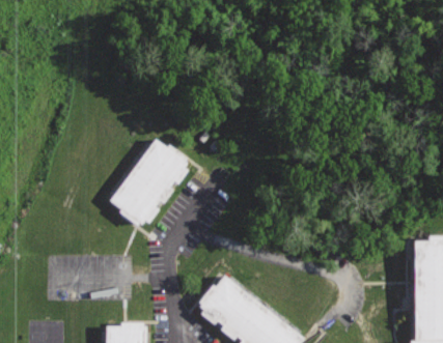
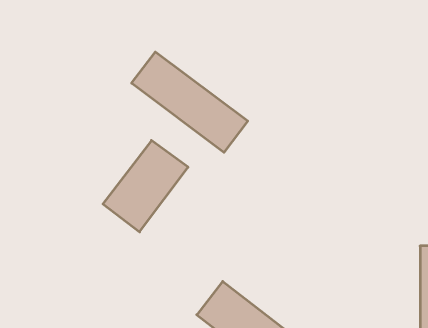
building: none -> [132,52,248,152]

